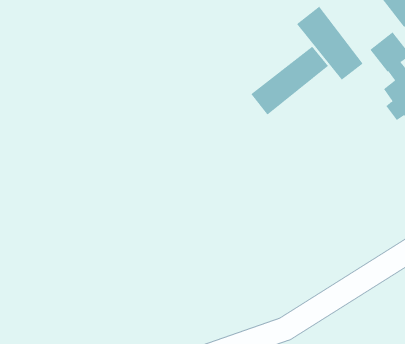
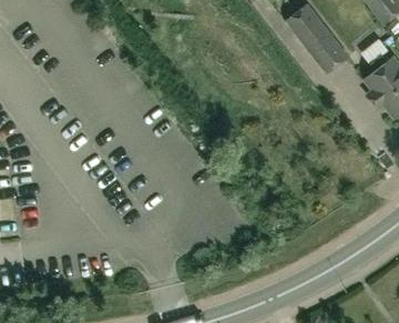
building: [250,46,329,116] -> none

